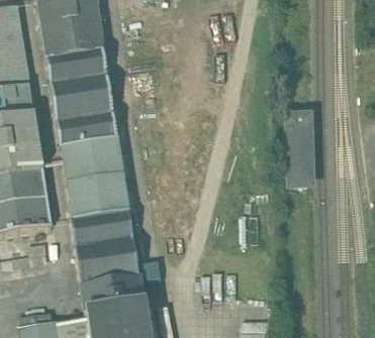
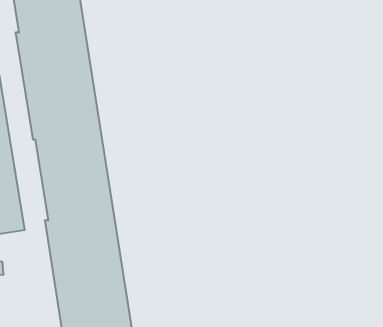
building: [290,117,310,185] -> none

